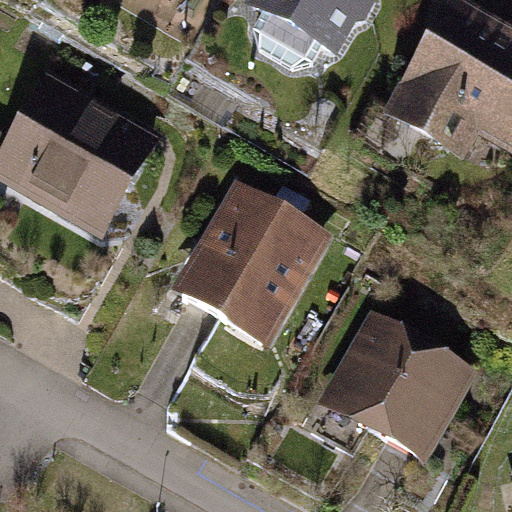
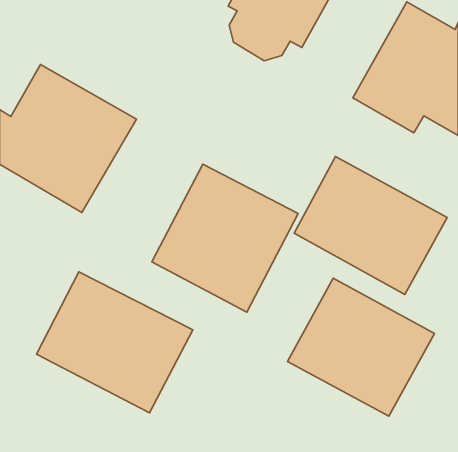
building: none -> [294,157,447,294]
building: none -> [36,272,193,413]

